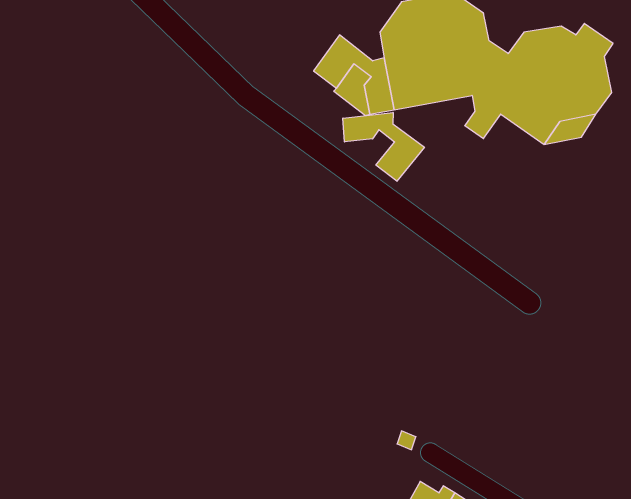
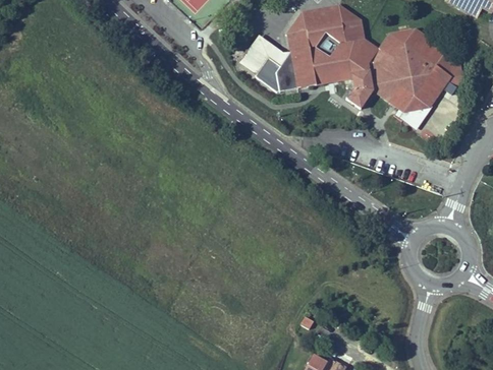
building: [343,112,424,181] -> none

